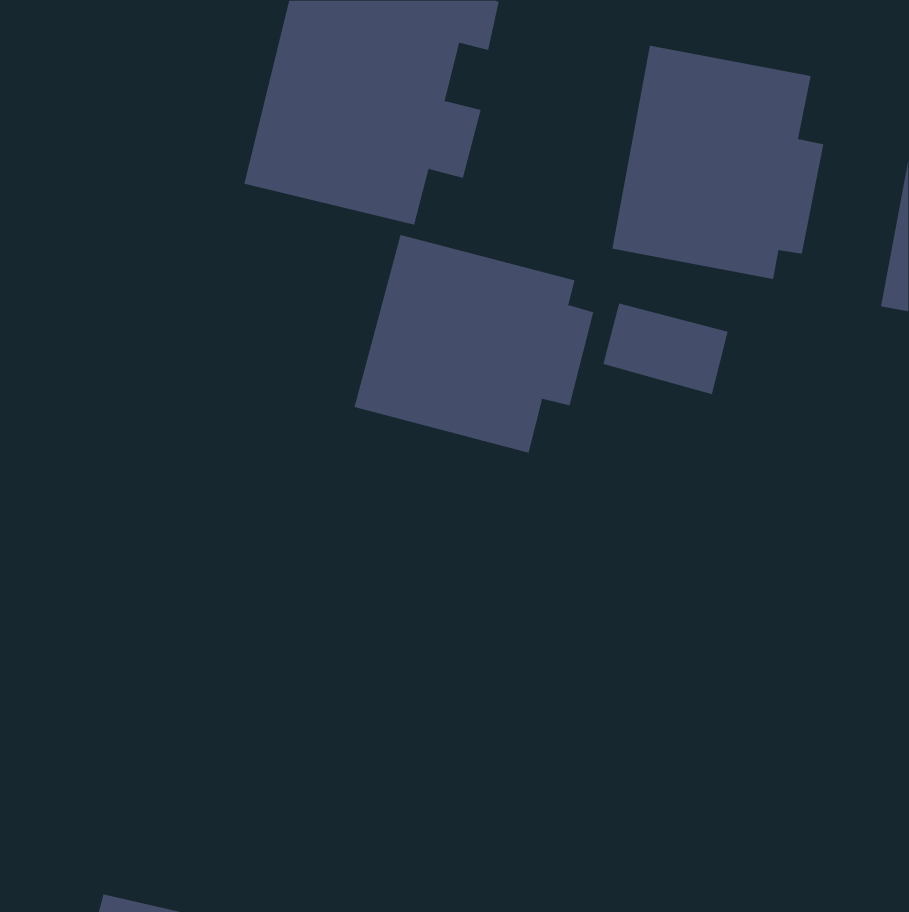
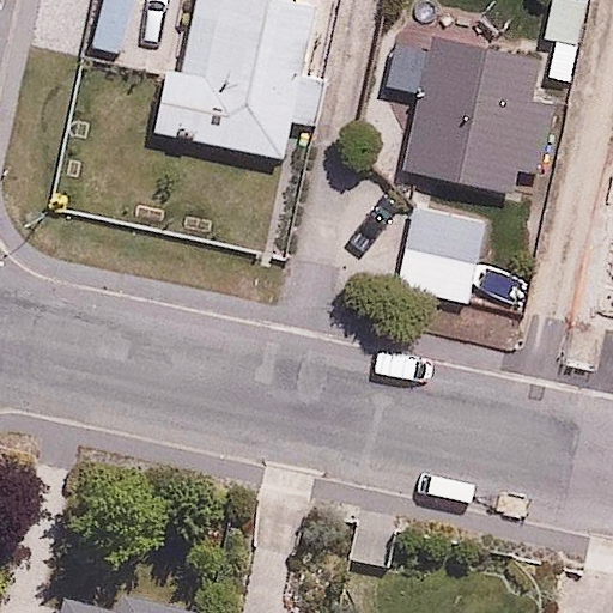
building: [354,234,594,454] -> none

